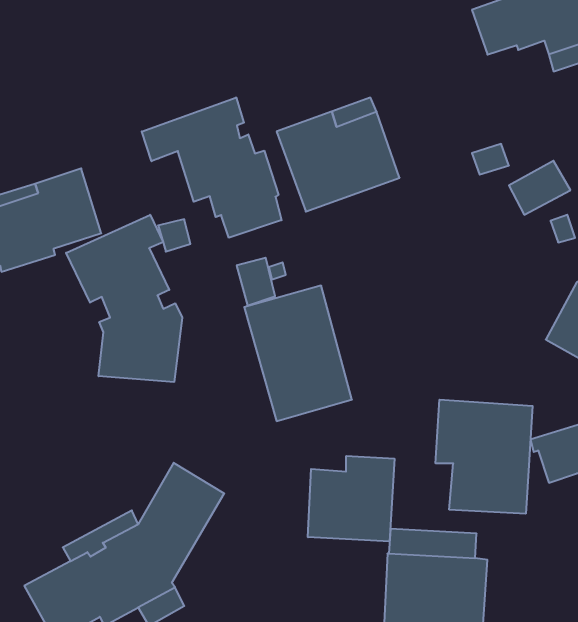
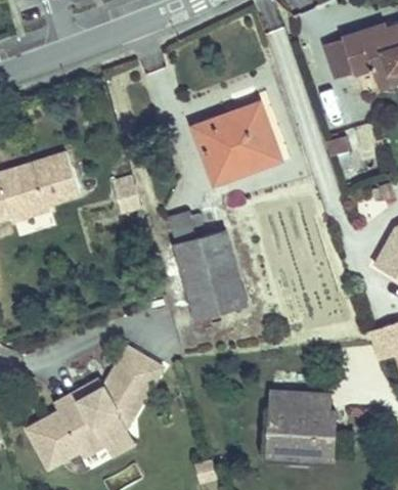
building: [142,97,282,238] -> none
building: [66,215,182,382] -> none
building: [436,400,533,514] -> none
building: [308,456,394,542] -> none

